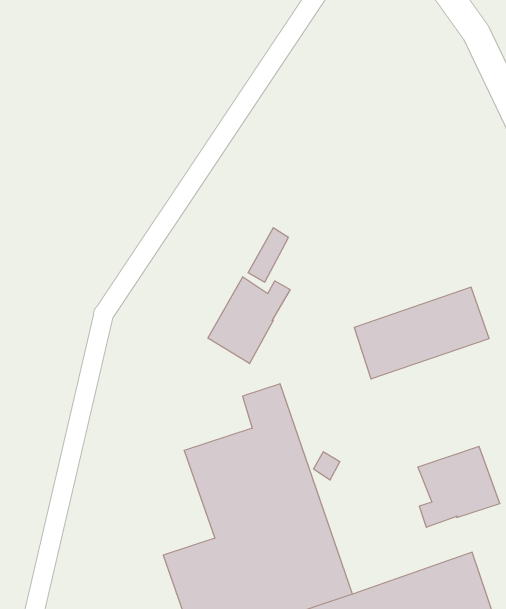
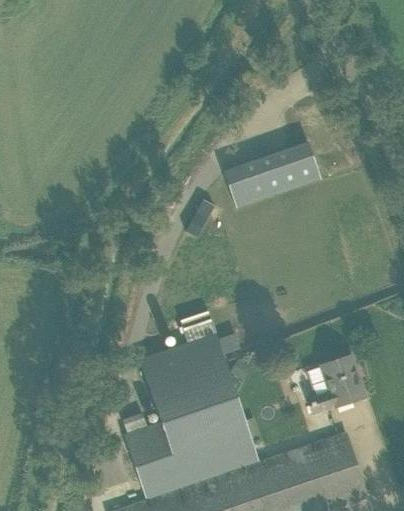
building: [208,277,290,364] -> none
building: [354,287,489,379] -> [224,142,321,208]

